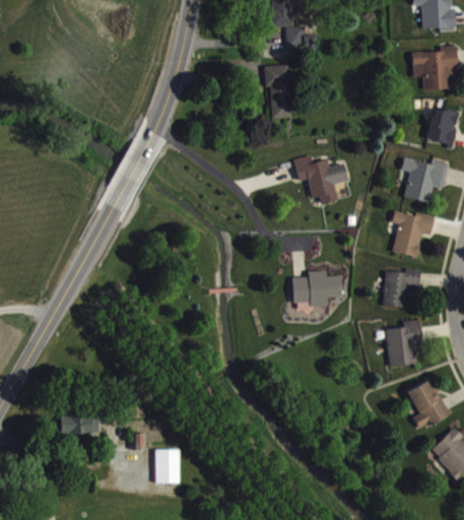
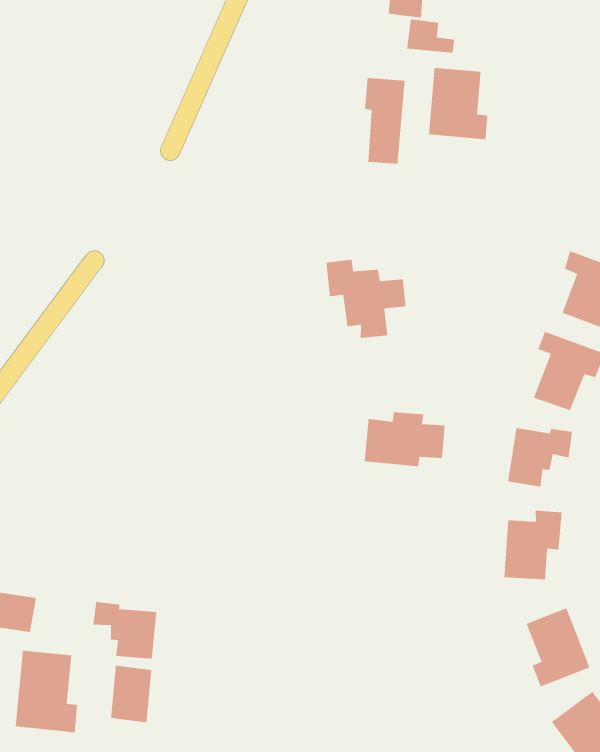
building: none -> [428,67,488,140]
building: [294,155,348,204] -> [325,259,407,339]
building: none -> [92,601,157,659]
building: none -> [15,650,78,733]

